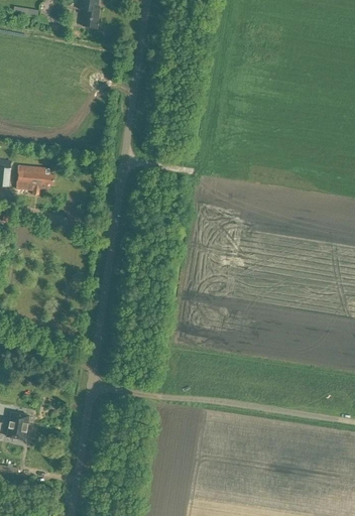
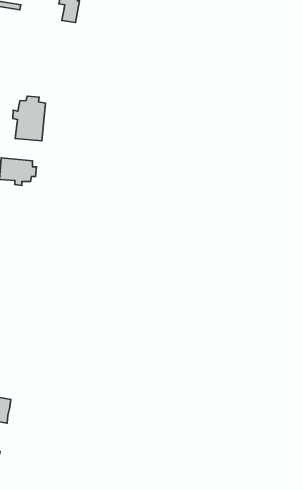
building: none -> [13,96,46,141]

